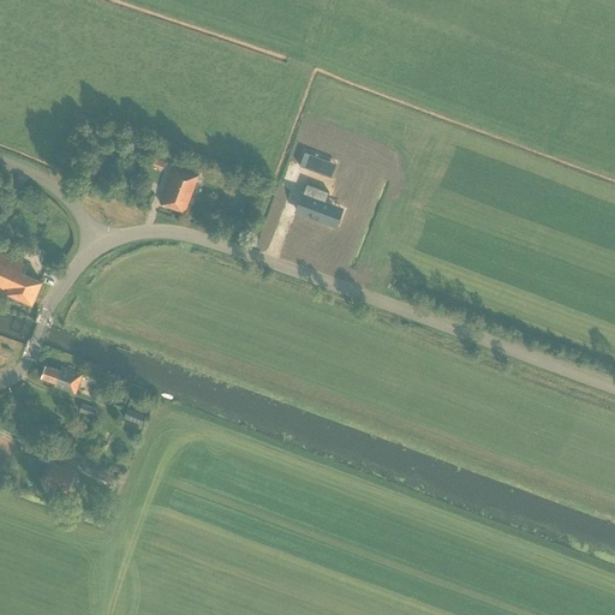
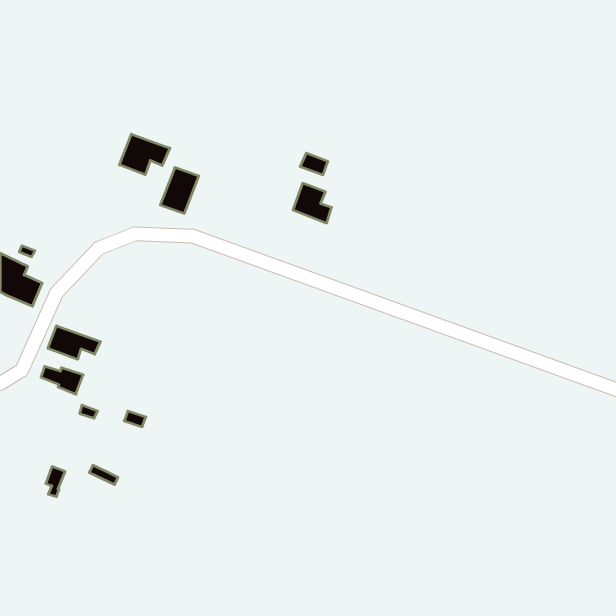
building: none -> [119,134,170,175]
building: none -> [48,326,101,359]

